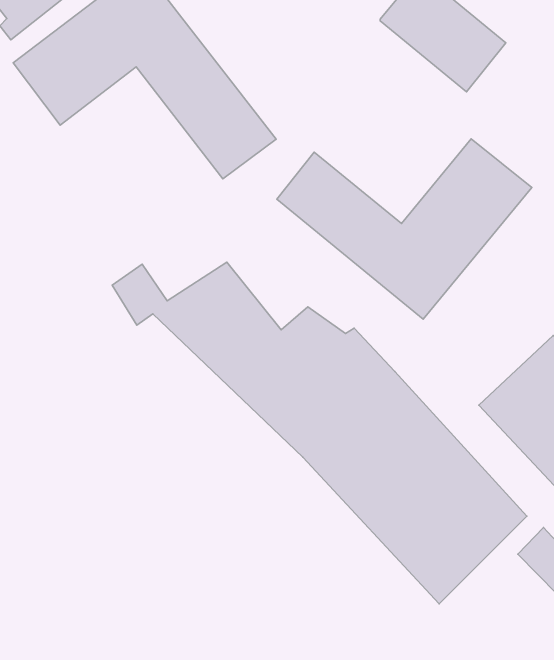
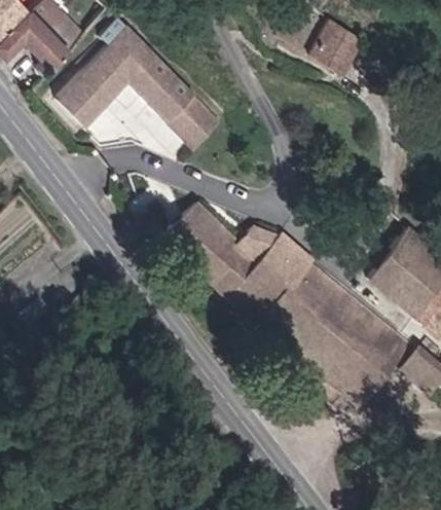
building: [277,139,532,319] -> none

